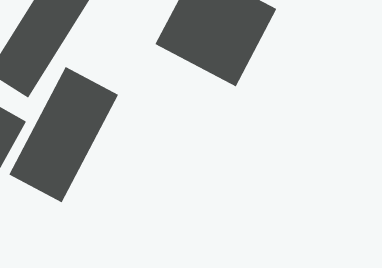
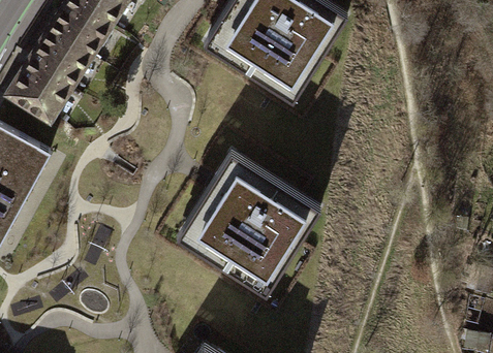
building: [8,66,119,203] -> none
building: none -> [178,150,326,294]

